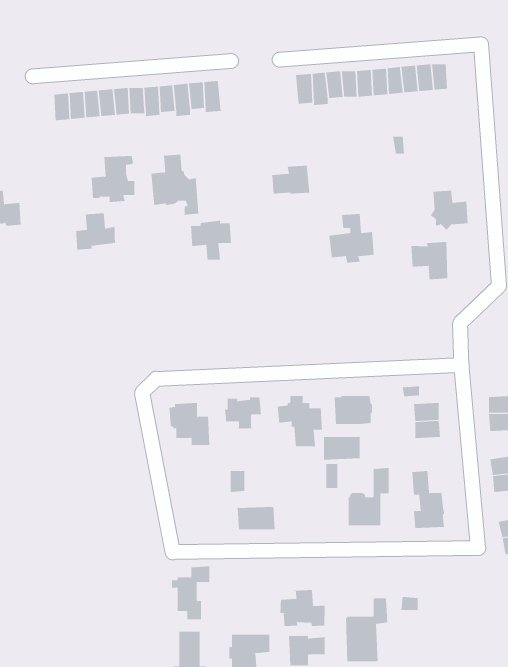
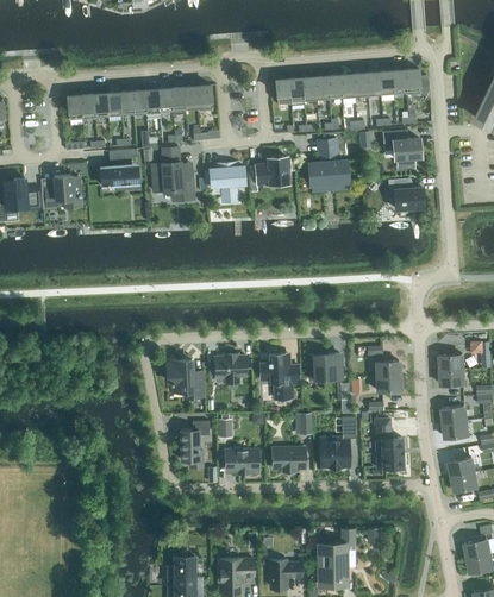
building: none -> [405,69,429,100]
building: none -> [384,132,420,168]
building: [75,213,117,250] -> [45,175,81,207]
building: [329,213,374,263] -> [308,145,348,188]
building: [190,220,232,260] -> [210,164,245,199]
building: [411,241,448,280] -> none
building: [323,436,361,460] -> [273,448,305,469]
building: [171,566,210,620] -> [176,421,210,467]
building: [280,589,325,627] -> none

